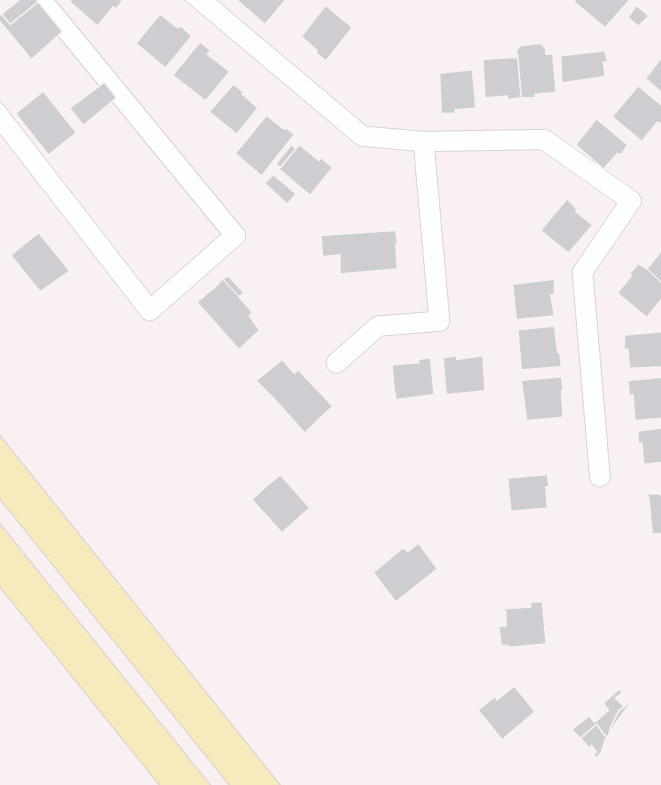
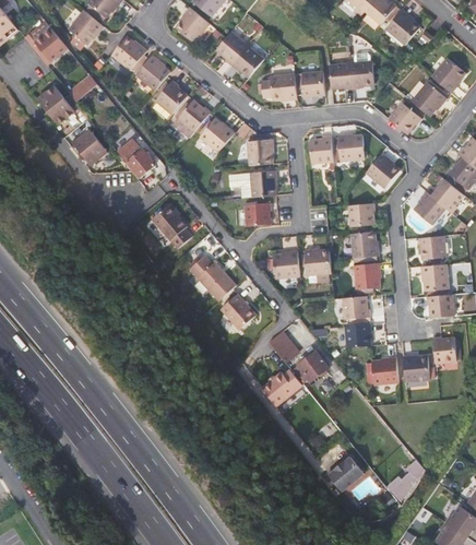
building: none -> [231,45,264,78]
building: [561,51,607,83] -> none
building: none -> [261,73,297,99]
building: none -> [338,135,366,161]
building: none -> [310,137,334,164]
building: none -> [117,139,155,177]
building: none -> [248,139,274,166]
building: [10,233,70,292] -> [71,128,108,165]
building: none -> [245,204,271,227]
building: none -> [343,296,370,319]
building: [252,475,310,533] -> [219,292,255,328]
building: none -> [267,331,298,362]
building: none -> [298,351,326,381]
building: none -> [402,355,430,381]
building: [499,602,546,647] -> [368,356,397,384]

